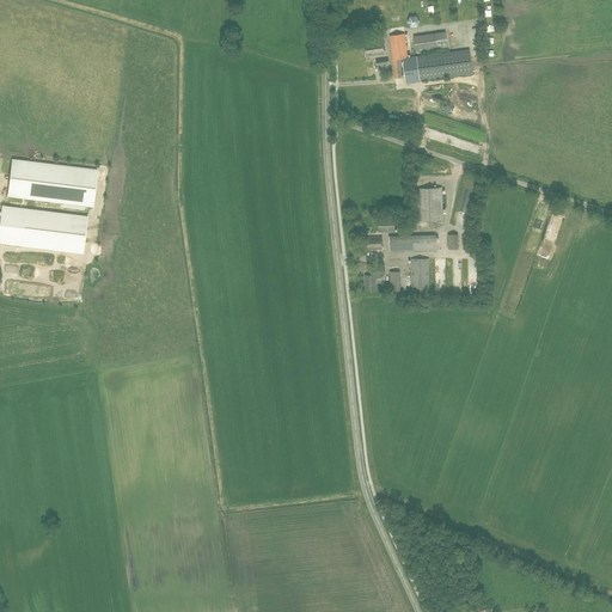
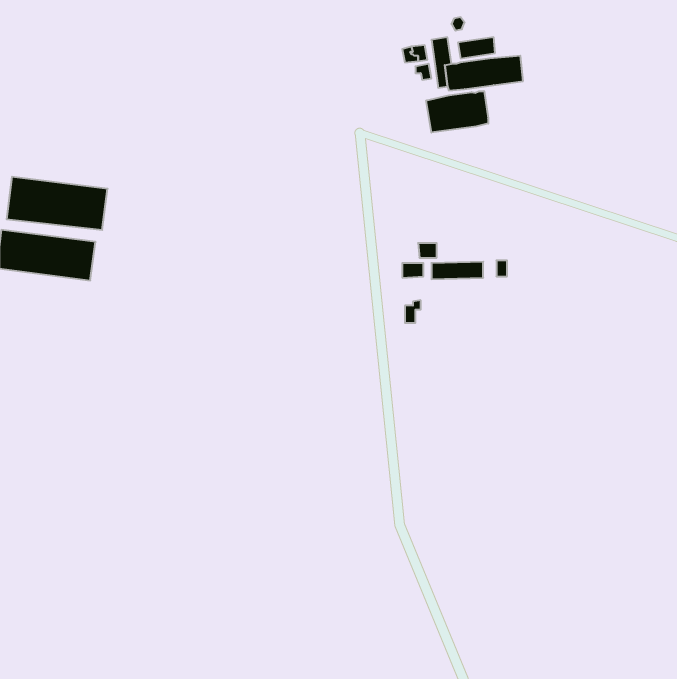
building: none -> [426,91,488,133]
building: [418,186,441,225] -> none
building: [410,258,428,290] -> none

